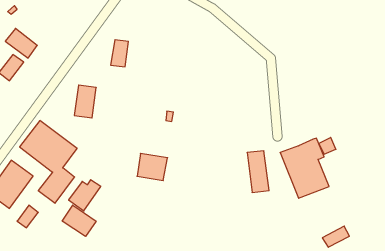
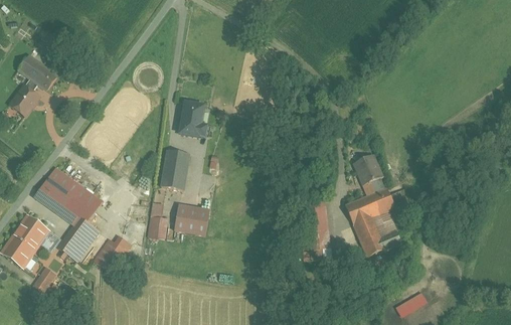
building: [111,40,128,67] -> [182,103,203,135]
building: [74,85,96,118] -> [162,150,188,189]
building: none -> [352,154,383,195]
building: none -> [148,202,168,238]
building: [62,205,96,236] -> none

